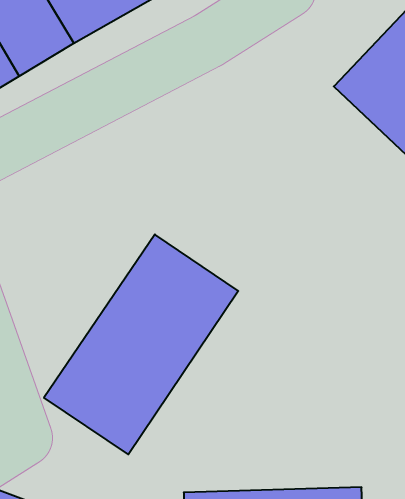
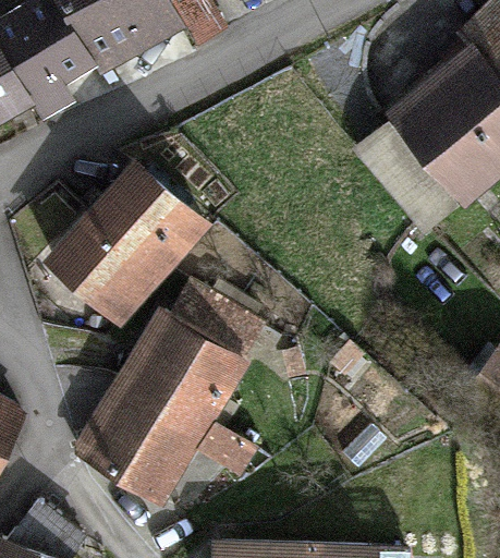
building: none -> [41,151,222,331]

